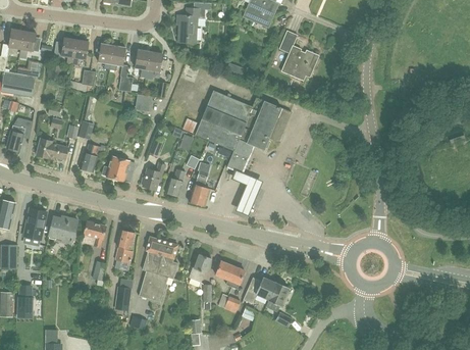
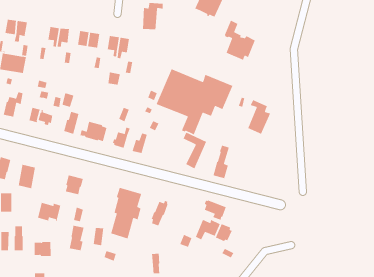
building: none -> [247,99,271,135]
building: [189,162,210,205] -> [212,145,230,179]
building: [48,215,77,241] -> [37,202,61,222]
building: [114,230,134,262] -> [69,225,84,251]
building: [215,261,244,288] -> [204,199,227,221]
building: none -> [34,241,51,257]

